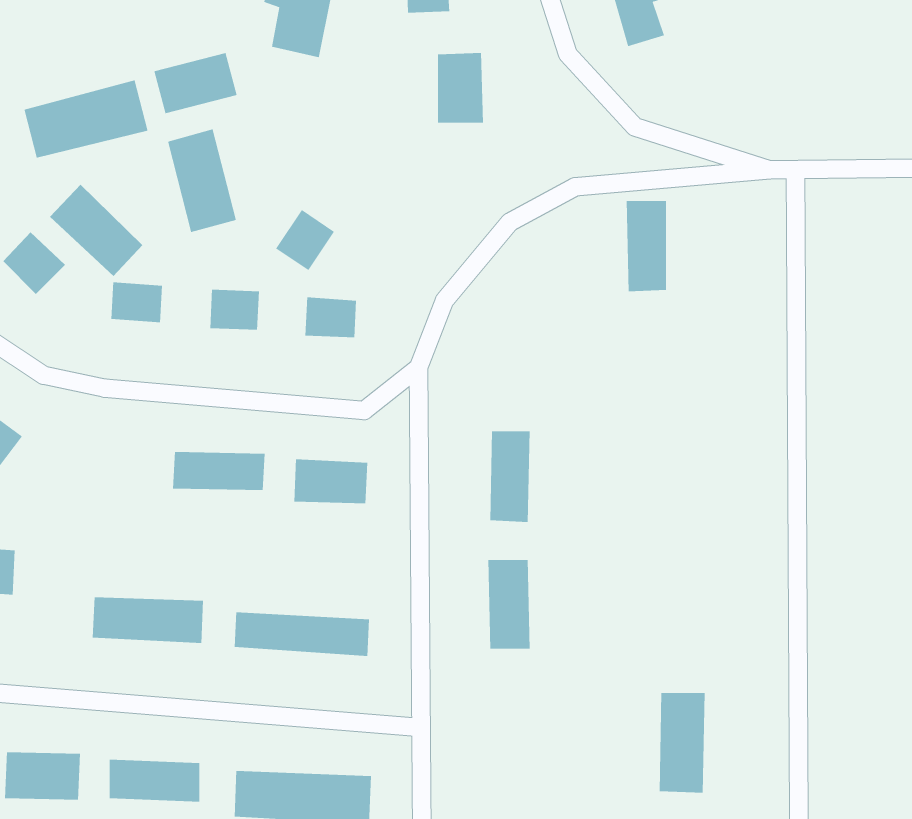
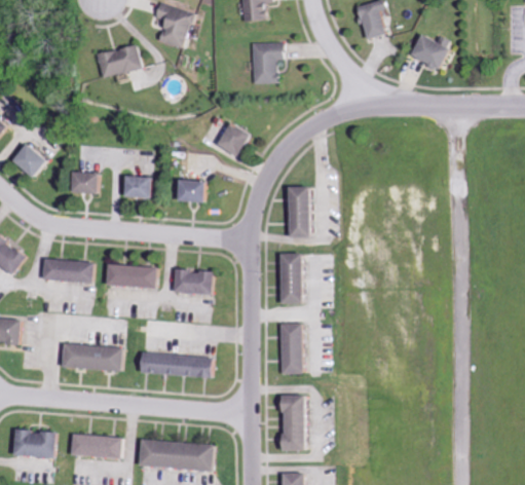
building: none -> [401,36,443,71]
building: [24,80,148,159] -> none
building: [167,129,236,233] -> none
building: [49,184,143,277] -> none
building: [626,201,667,292] -> [288,186,310,236]
building: [275,209,335,271] -> [219,122,252,156]
building: none -> [41,259,93,282]
building: [659,693,705,793] -> [283,395,308,450]

